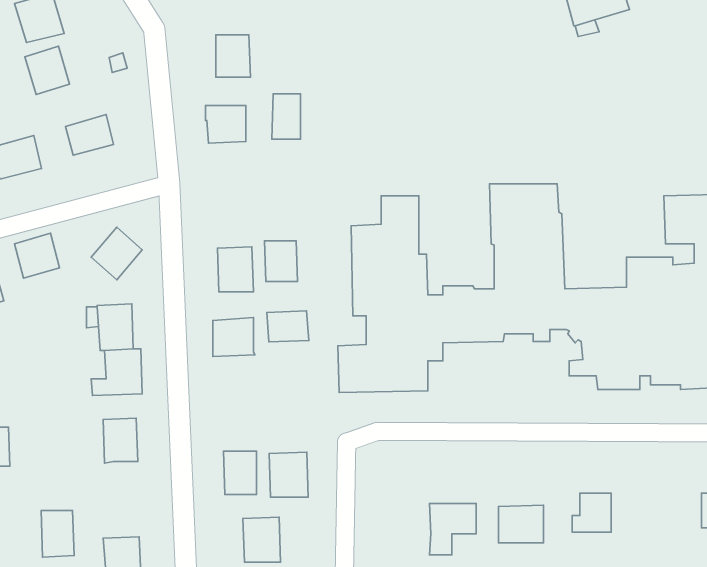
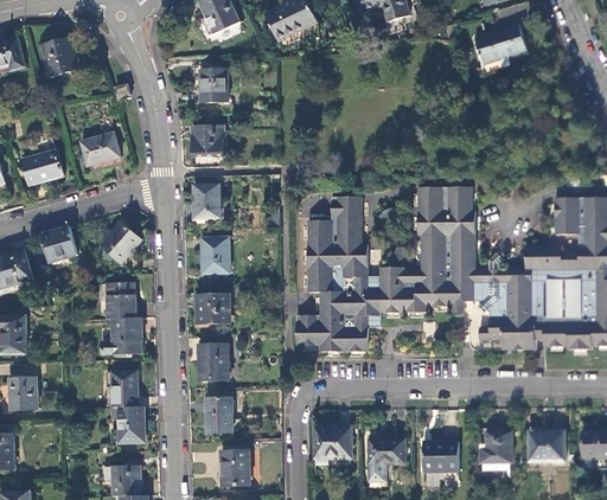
building: [25,46,70,95] -> none
building: [272,94,300,139] -> none
building: [264,241,298,282] -> [194,185,221,217]
building: [267,311,309,342] -> none
building: [269,452,308,497] -> [199,345,230,380]
building: none -> [317,428,352,457]
building: none -> [530,430,566,459]
building: [41,510,74,557] -> [120,406,146,443]

